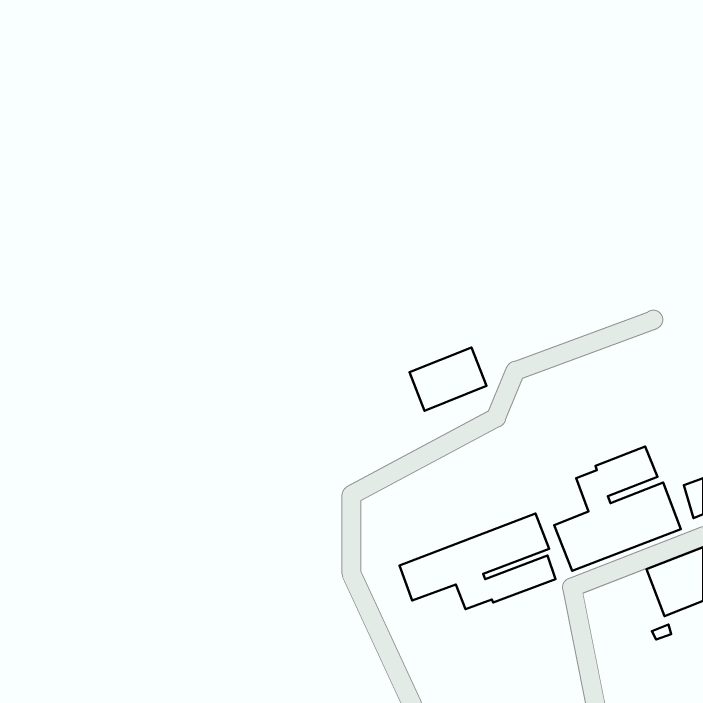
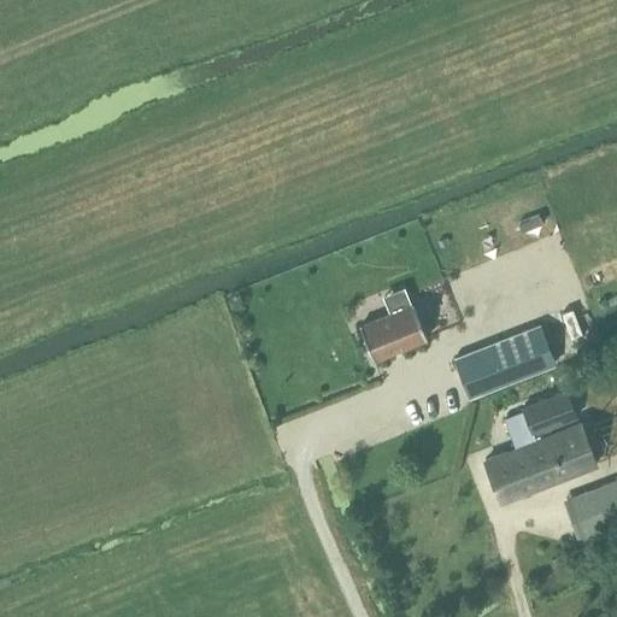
building: none -> [457,328,554,399]
building: [400,513,555,609] -> none

